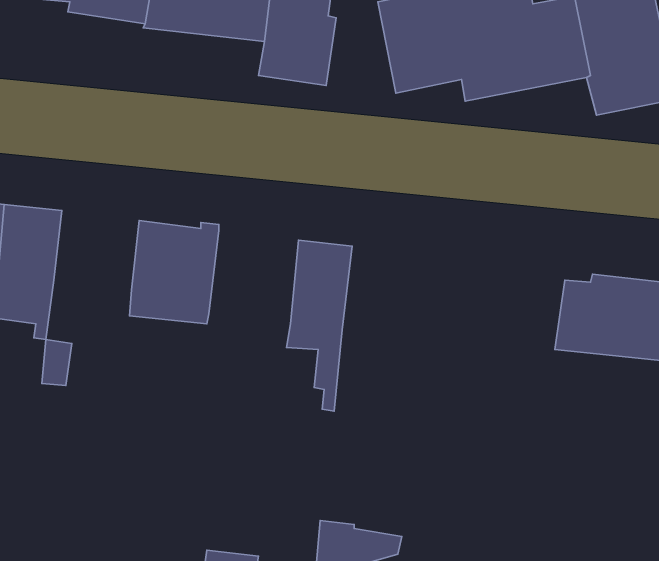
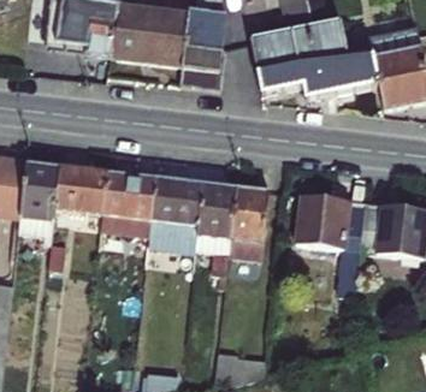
building: none -> [55,166,107,214]
building: none -> [148,178,203,251]
building: none -> [230,188,270,242]
building: none -> [295,195,365,296]

